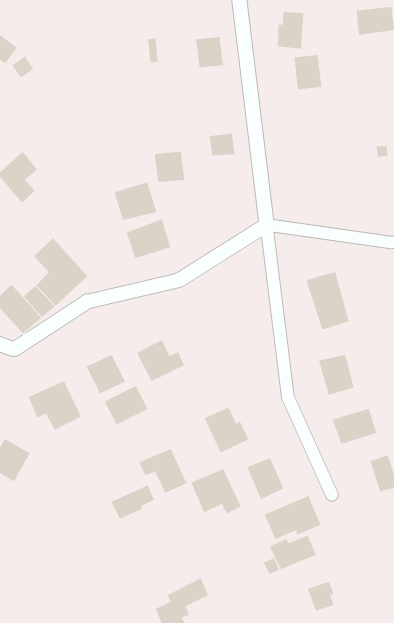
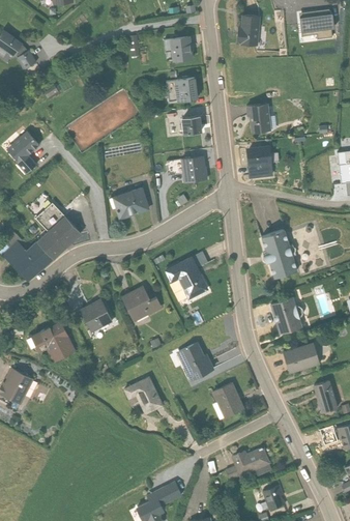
building: [293,55,322,90] -> [249,104,272,133]
building: none -> [174,77,199,102]
building: [154,151,185,183] -> [181,155,207,181]
building: none -> [246,144,273,177]
building: [114,182,157,221] -> none
building: none -> [165,257,207,298]
building: [104,385,149,425] -> none
building: [191,468,241,514] -> none
building: [111,485,155,519] -> none
building: [264,495,321,540] -> none

